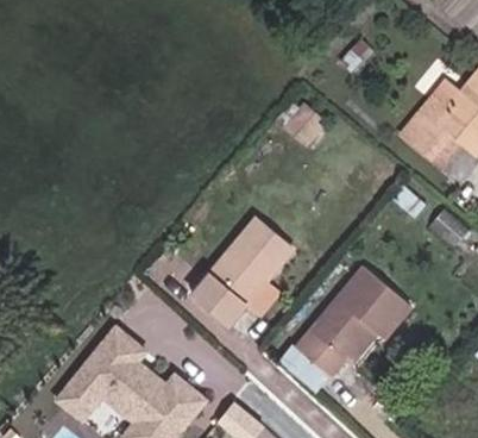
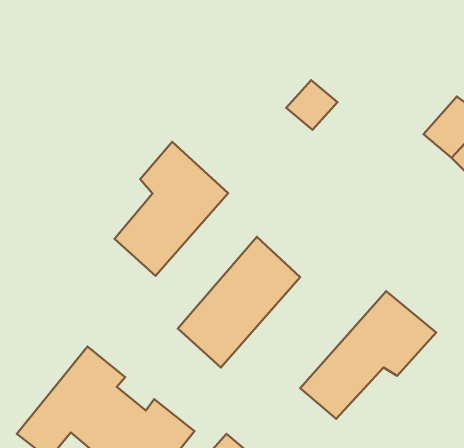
building: none -> [115,142,228,276]

